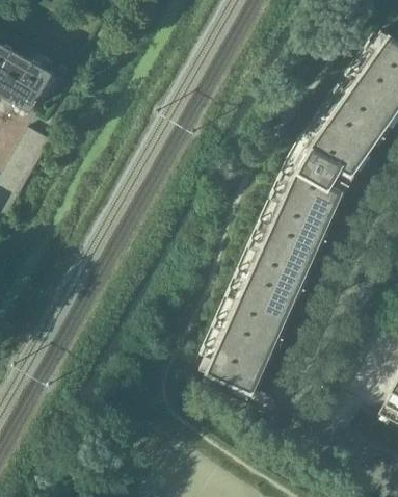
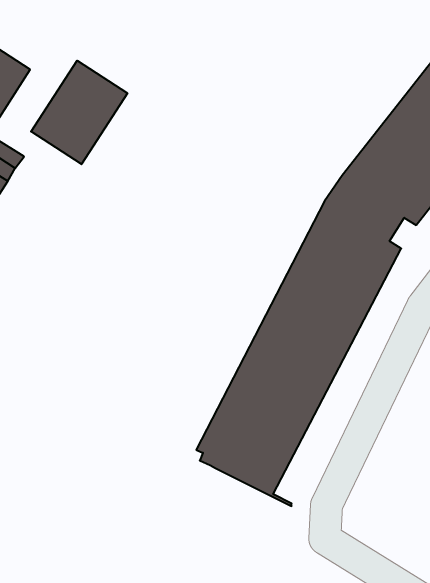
building: none -> [31,61,127,164]

